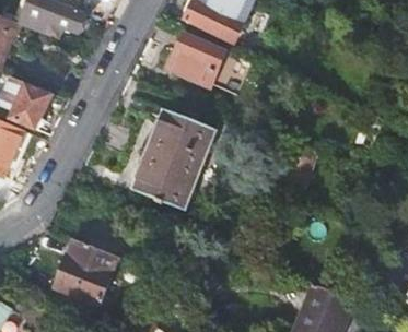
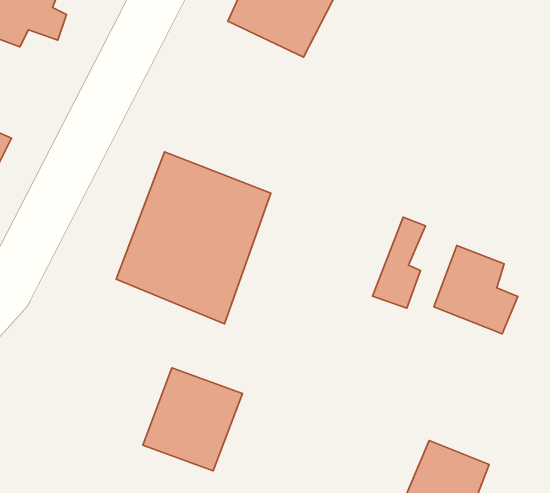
building: [171,32,229,85] -> none
building: none -> [434,246,518,334]
building: [54,239,117,305] -> [143,368,242,471]

